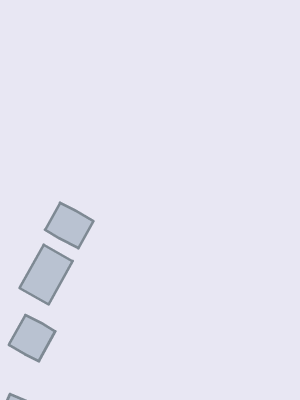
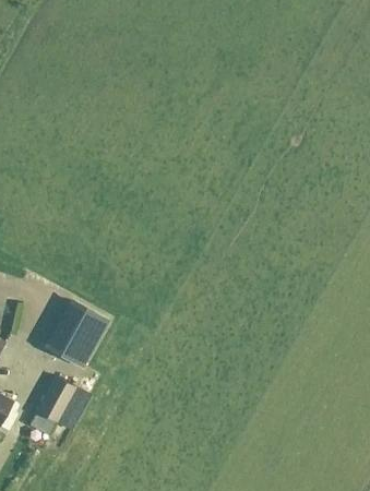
building: [45,203,93,248] -> none

